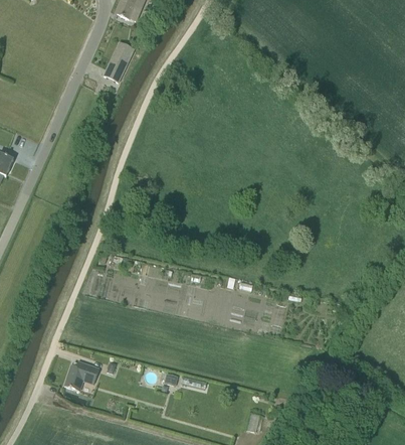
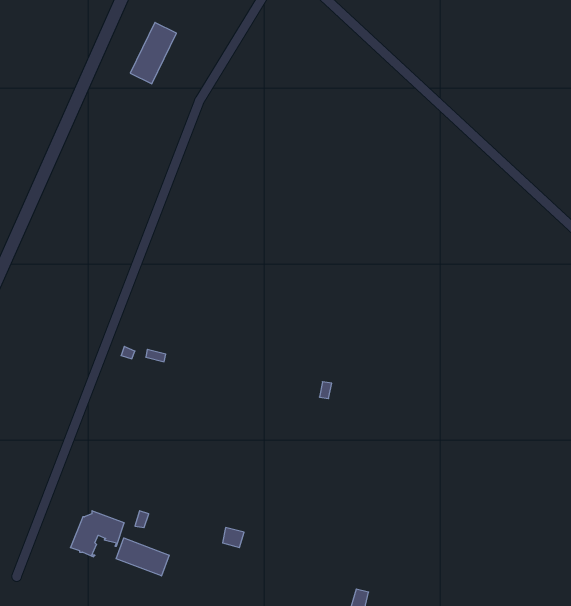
building: none -> [116,538,169,576]

